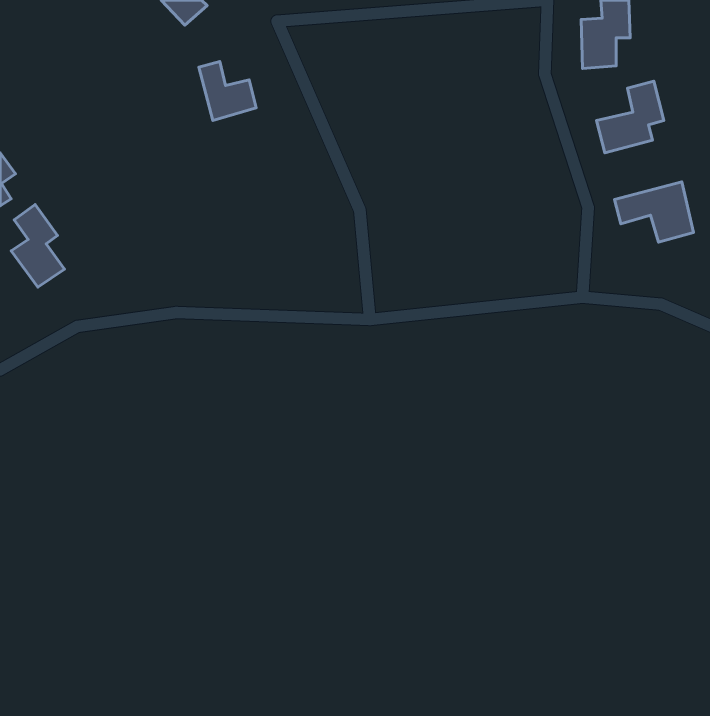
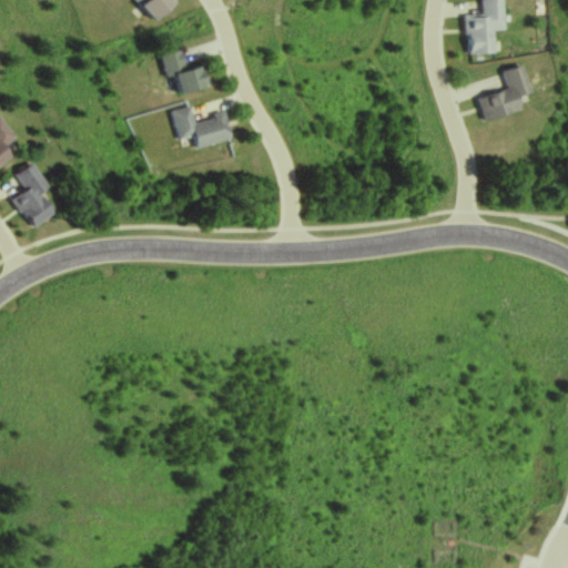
building: none -> [172,105,231,148]
building: [614,182,694,242] -> none

